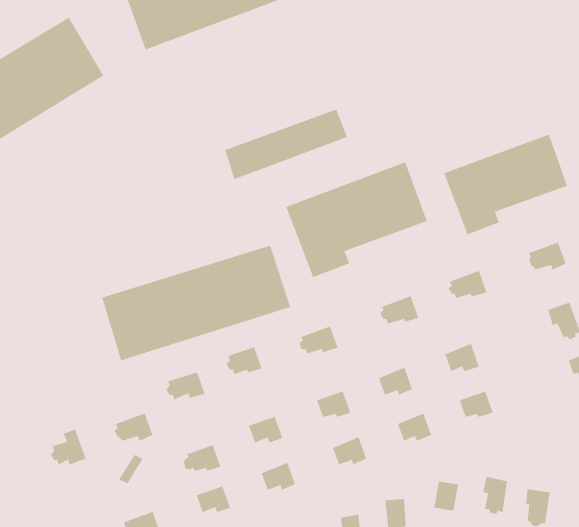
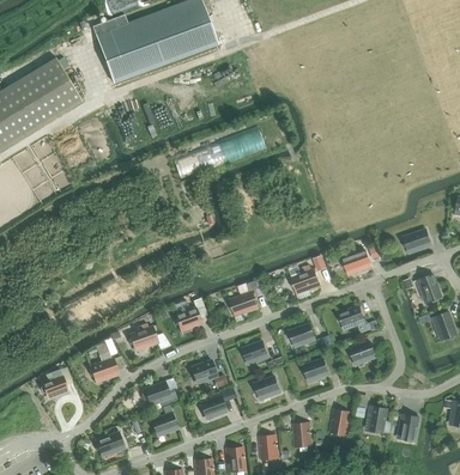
building: [443,134,568,235] -> none
building: [285,162,427,278] -> none
building: [102,245,291,361] -> none

